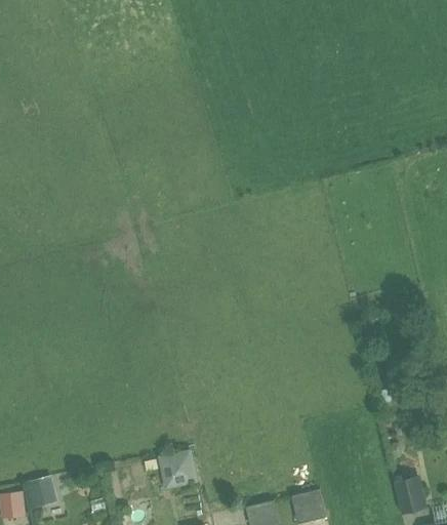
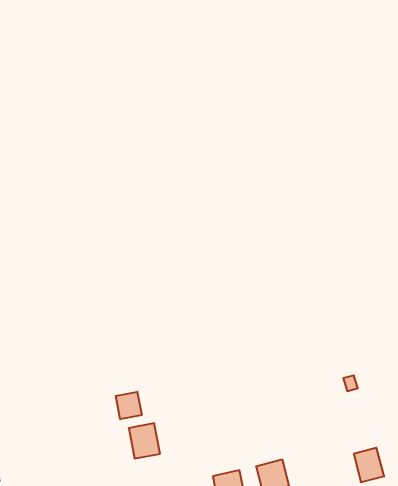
building: none -> [116,392,142,419]
building: [29,478,55,507] -> none

